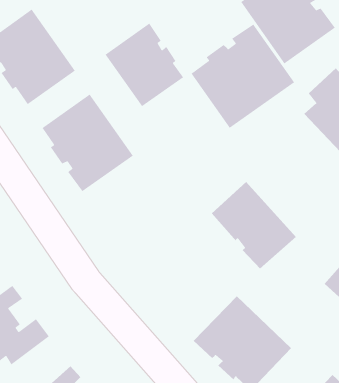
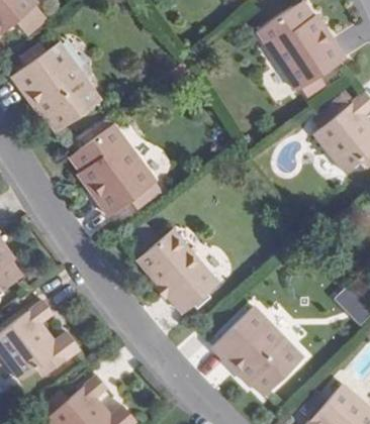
building: [104,23,184,107] -> none
building: [191,23,295,129] -> none
building: [211,181,297,269] -> [137,229,218,312]

